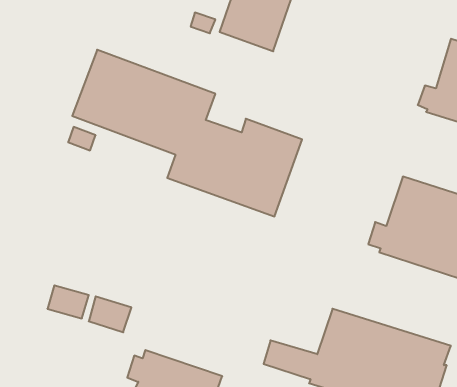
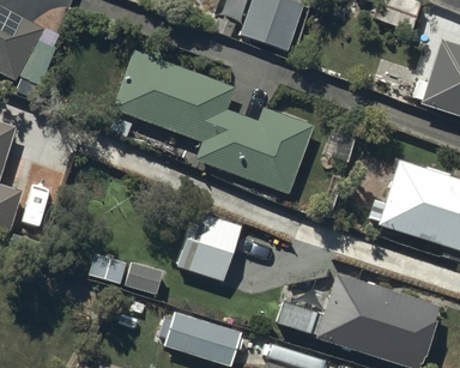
building: none -> [177,212,242,283]

